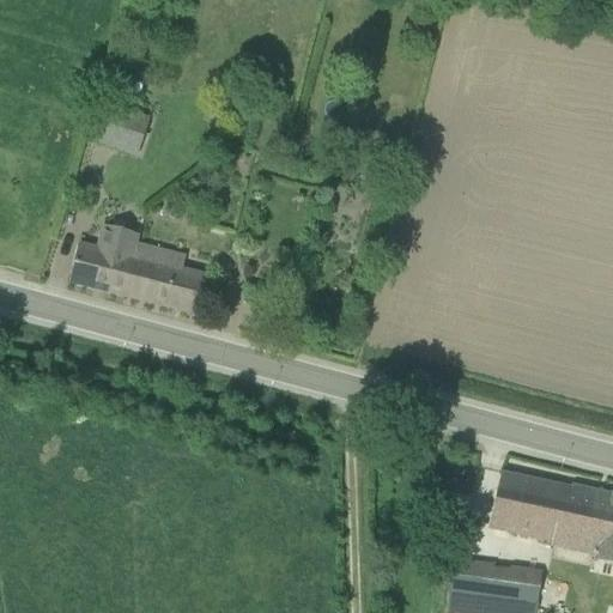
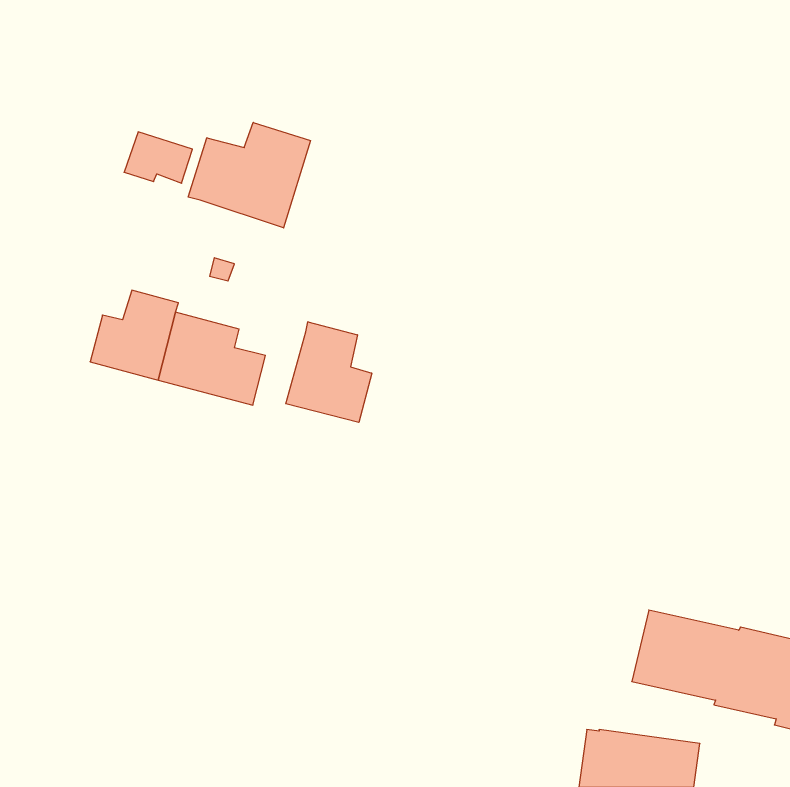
building: none -> [188,122,311,228]
building: none -> [286,322,372,422]

